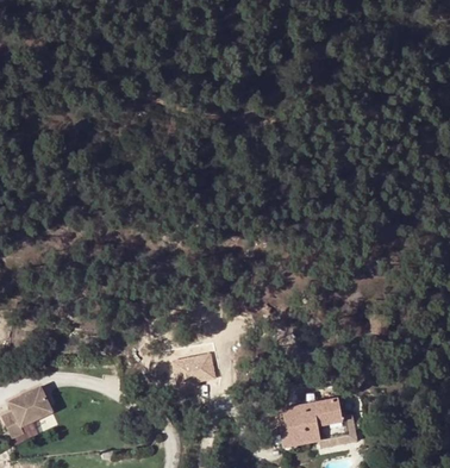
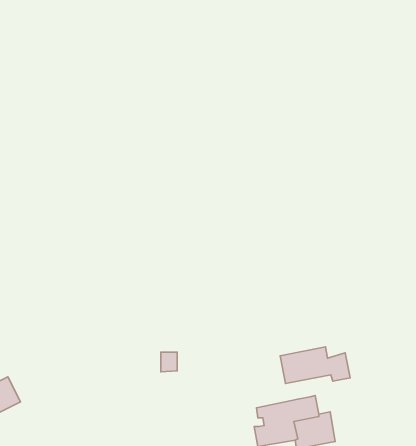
building: none -> [280,347,350,383]

